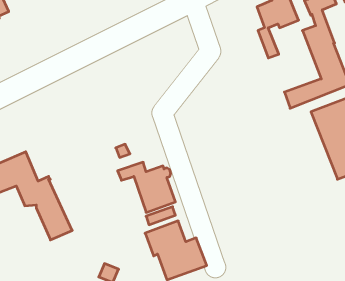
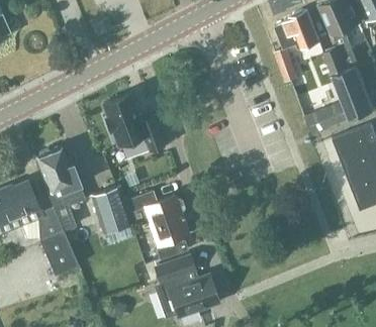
building: none -> [103,94,164,151]
building: none -> [36,147,83,210]
building: none -> [90,187,131,233]

